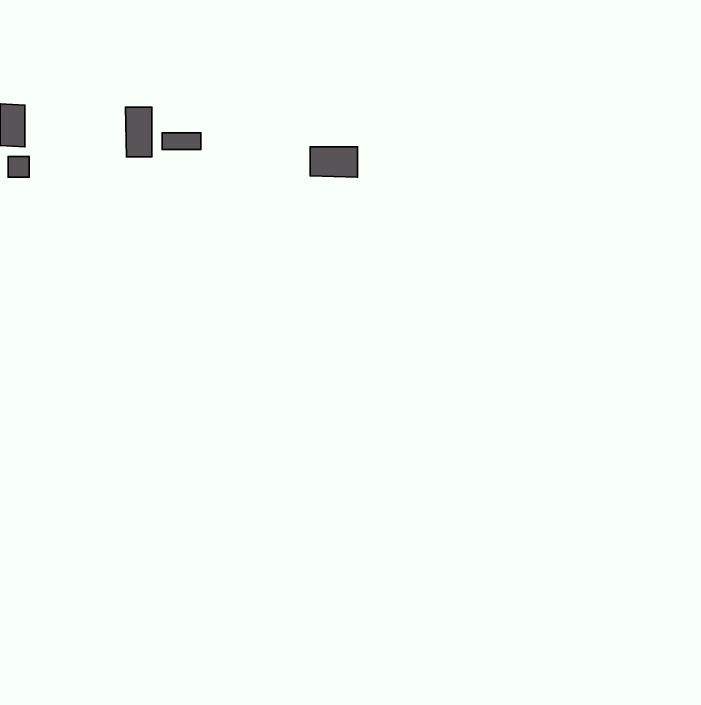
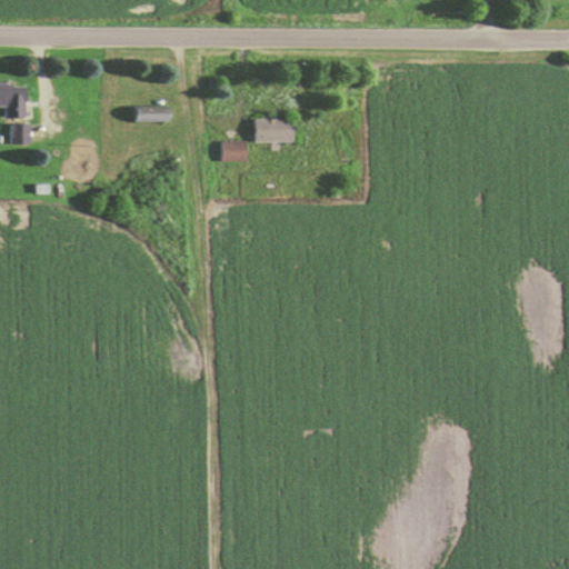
building: [125,107,152,157] -> none
building: none -> [221,140,246,161]

